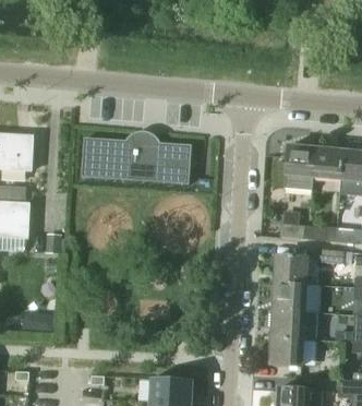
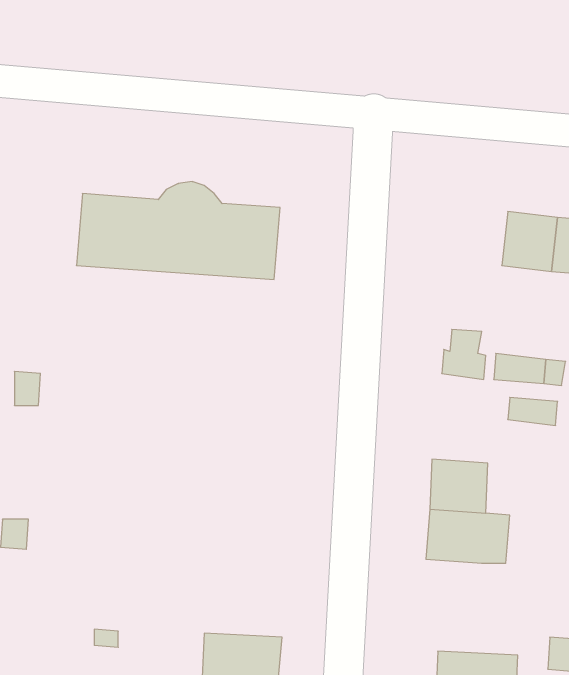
building: [283,145,315,190] -> none
building: [274,254,306,285] -> none
building: [269,337,301,367] -> none

